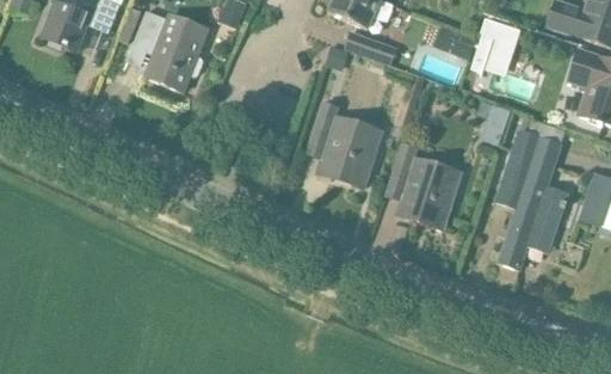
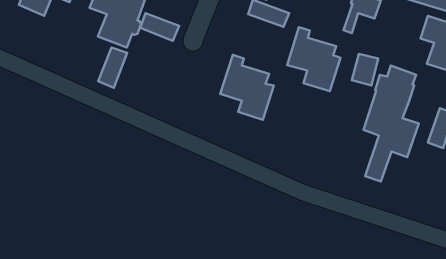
building: none -> [140,13,179,41]
building: none -> [98,47,127,88]
building: [387,145,457,229] -> [287,27,341,91]

